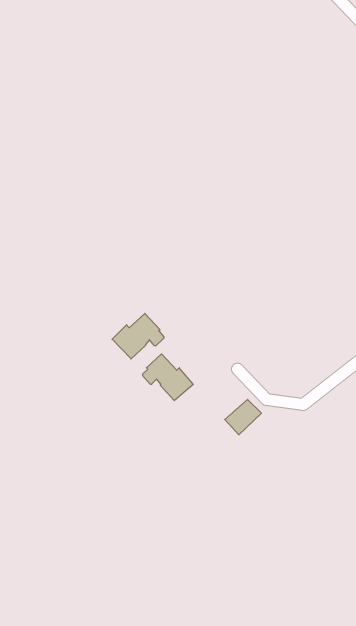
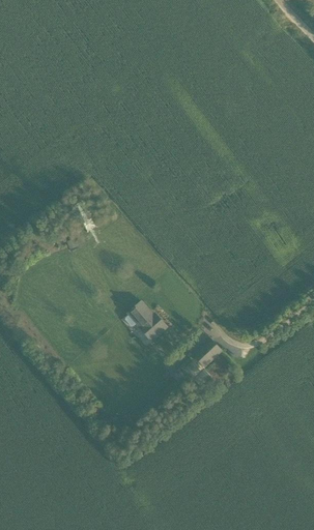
building: [112,313,164,359] -> none

